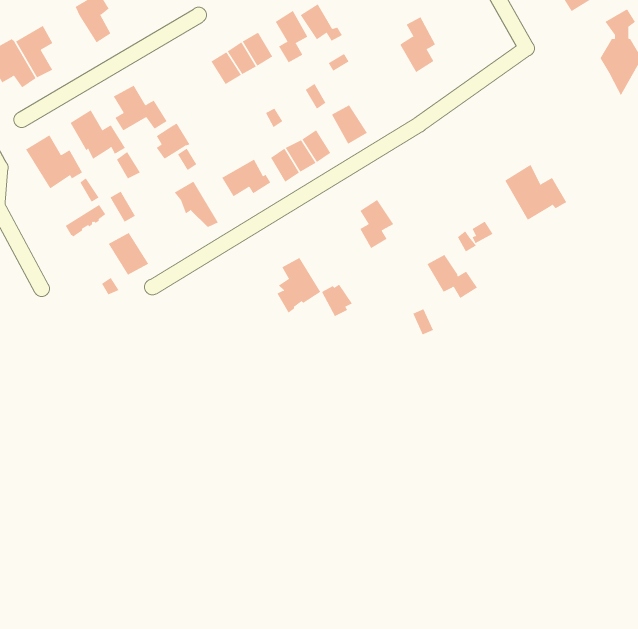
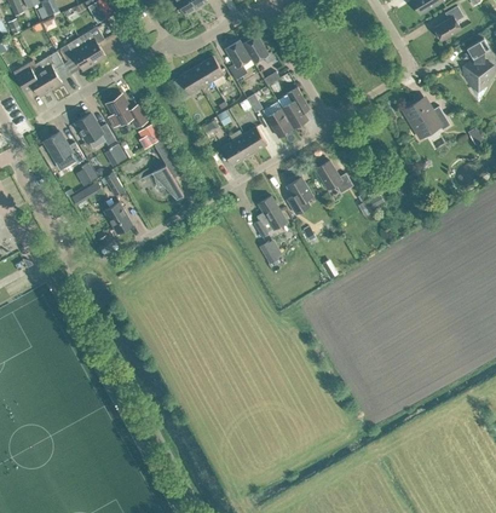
building: none -> [59,38,94,71]
building: [399,16,436,73] -> [282,87,308,128]
building: [222,159,271,197] -> none
building: [504,164,567,220] -> [404,97,450,138]
building: [427,254,478,299] -> [316,161,353,194]
building: [277,257,321,314] -> [254,196,287,237]

